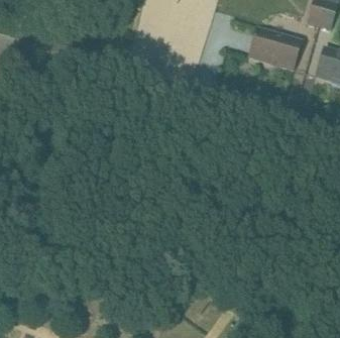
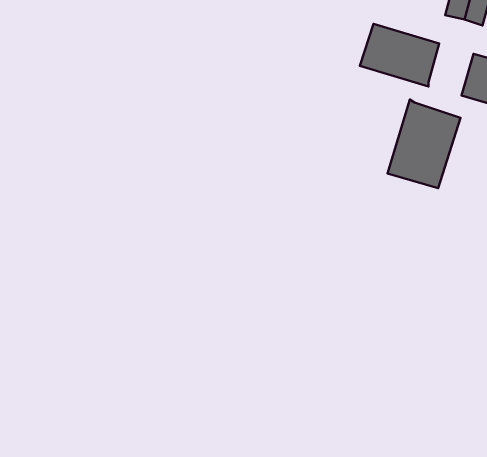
building: none -> [387,100,460,188]

